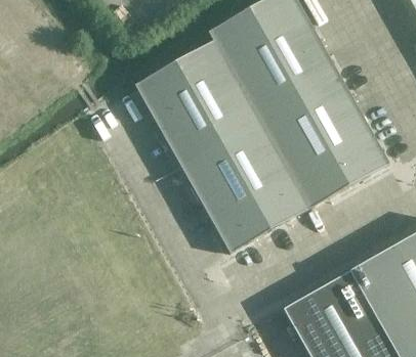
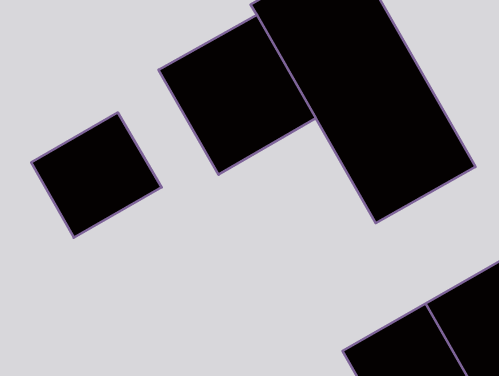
building: none -> [31,113,162,238]
building: [183,123,309,252] -> none

